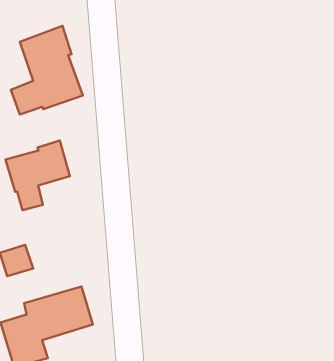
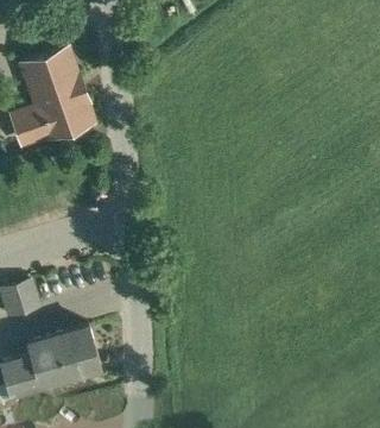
building: [6,140,70,210] -> none

